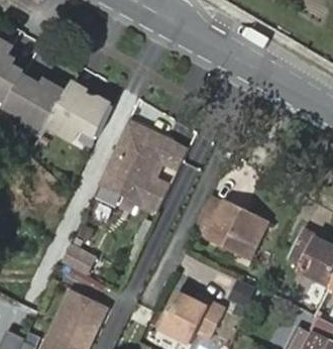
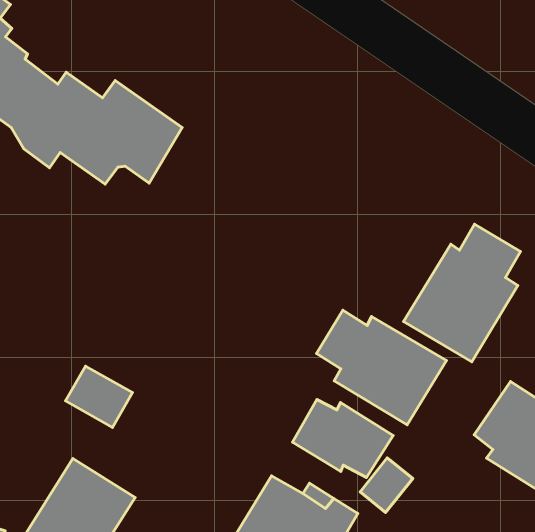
building: [97,120,183,213] -> none
building: none -> [403,224,520,362]
building: none -> [292,399,393,477]

